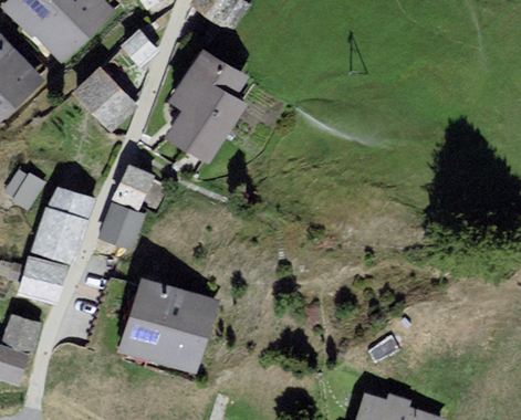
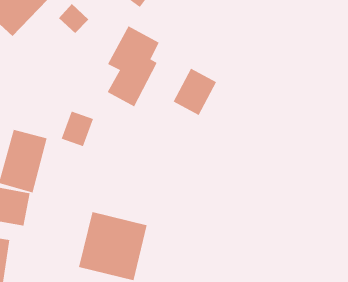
building: [82,76,134,129] -> none
building: none -> [173,68,217,116]
building: [100,193,148,243] -> none

